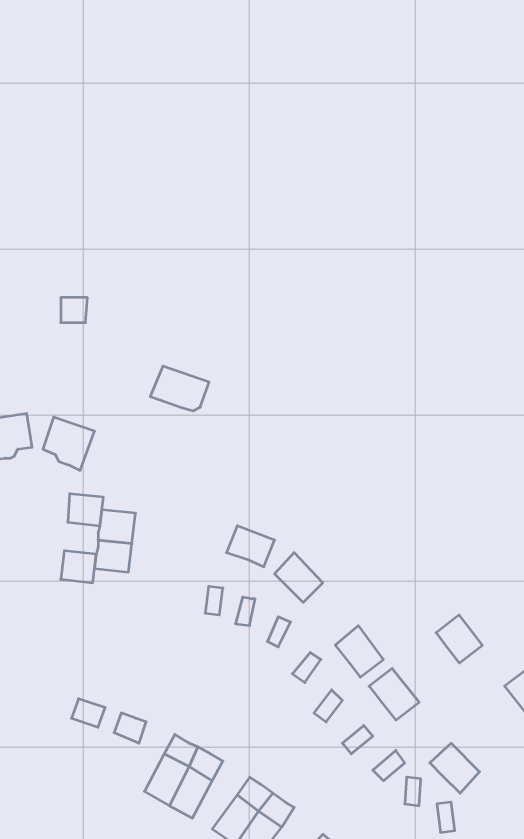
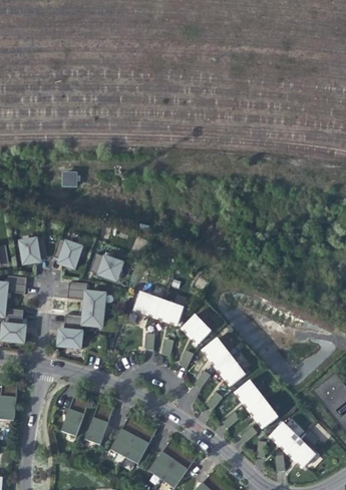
building: [150,366,209,411] -> [89,254,122,279]
building: none -> [135,292,162,315]
building: none -> [58,330,81,348]
building: none -> [204,338,231,367]
building: [436,615,482,663] -> [252,399,278,426]
building: none -> [61,408,84,436]
building: none -> [85,416,107,444]
building: none -> [288,438,316,466]

